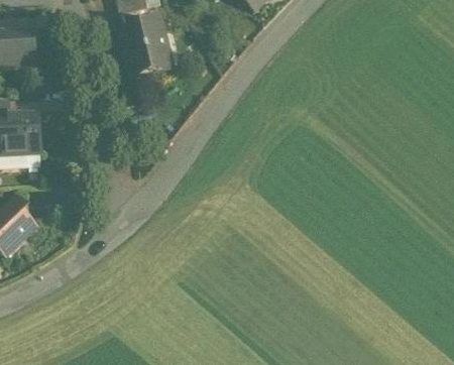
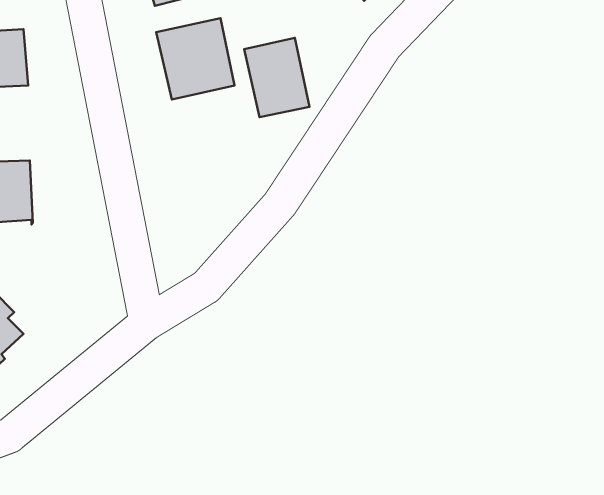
building: none -> [244,38,309,117]

